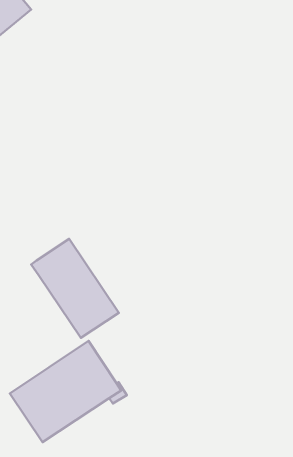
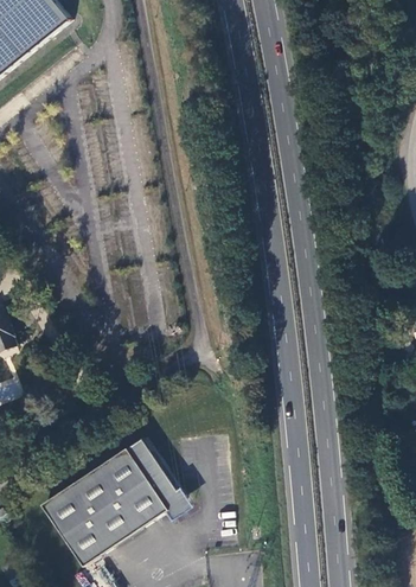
building: [31,239,119,338] -> none

